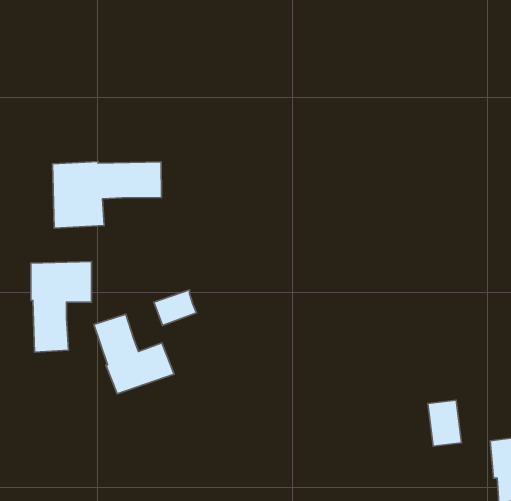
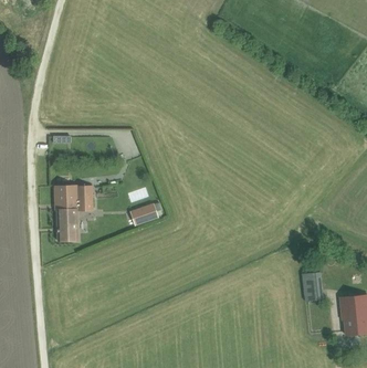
building: [52,161,161,228] -> none
building: [94,314,174,394] -> none

